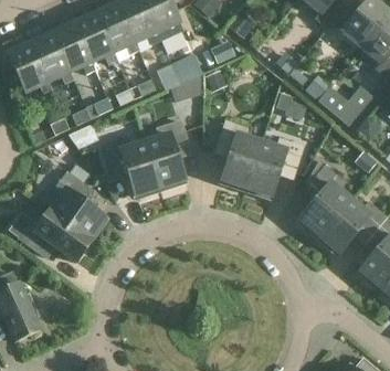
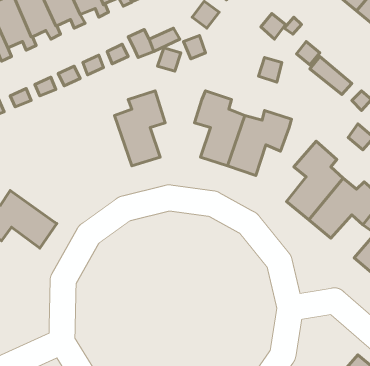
building: [103,138,159,197] -> none
building: [50,172,105,238] -> none

